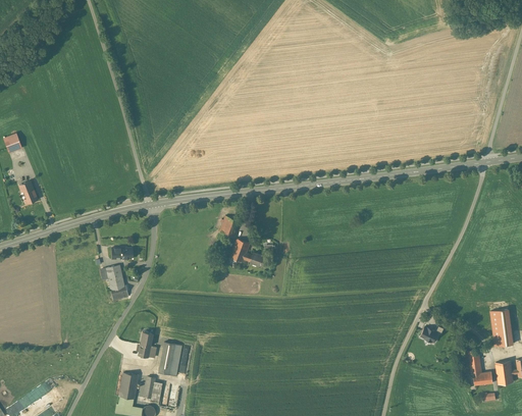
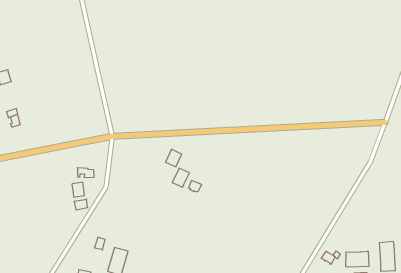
building: none -> [346,251,369,267]

